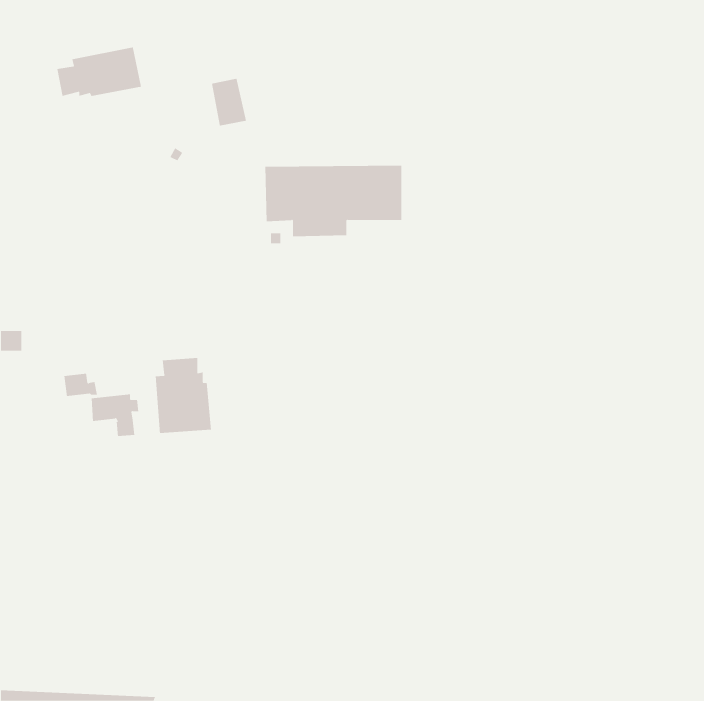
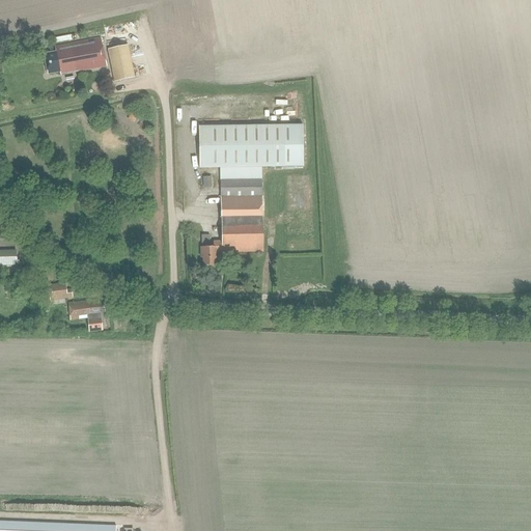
building: [211,78,247,126] -> [109,44,136,80]
building: none -> [200,177,262,264]
building: [155,357,211,434] -> none

